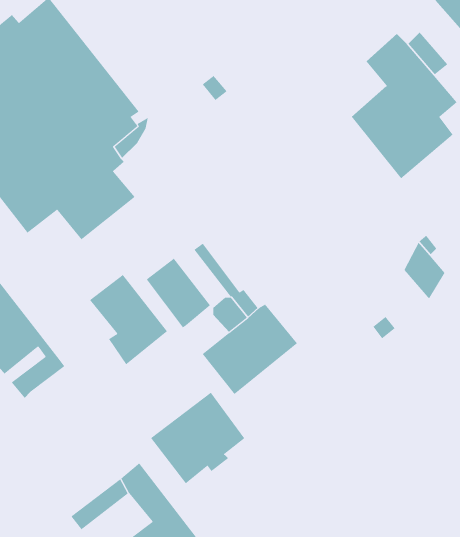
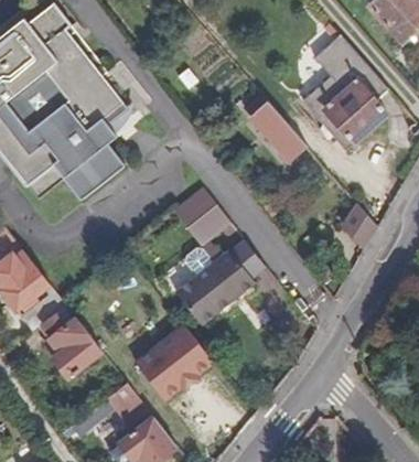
building: none -> [249,100,303,159]
building: [146,258,211,328] -> [178,185,230,243]
building: [89,274,168,365] -> [37,303,101,377]

